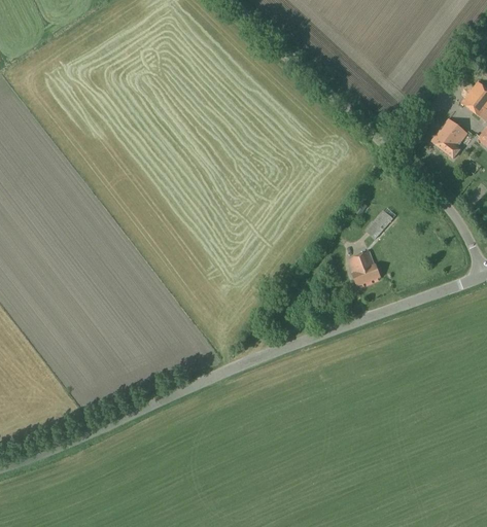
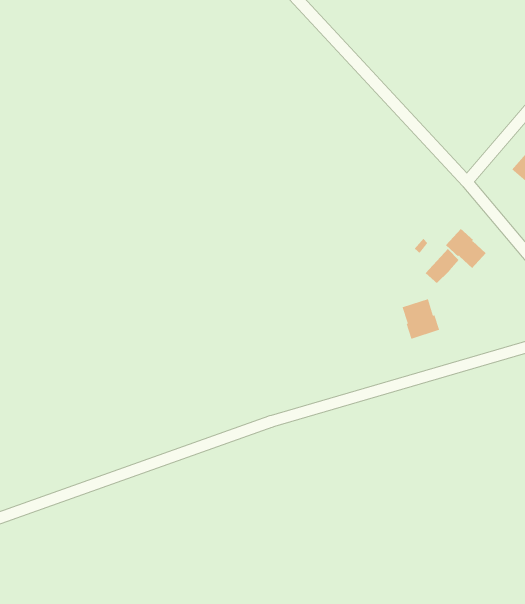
building: none -> [445,228,487,269]

